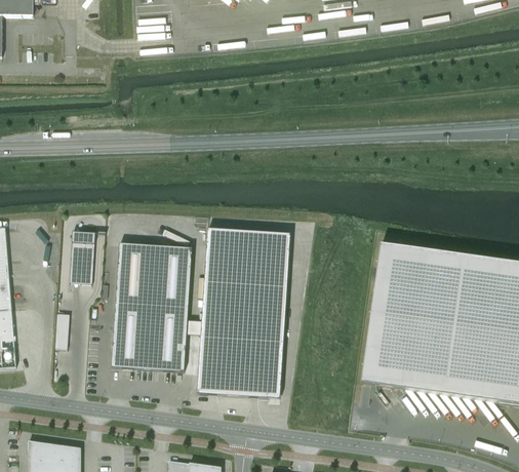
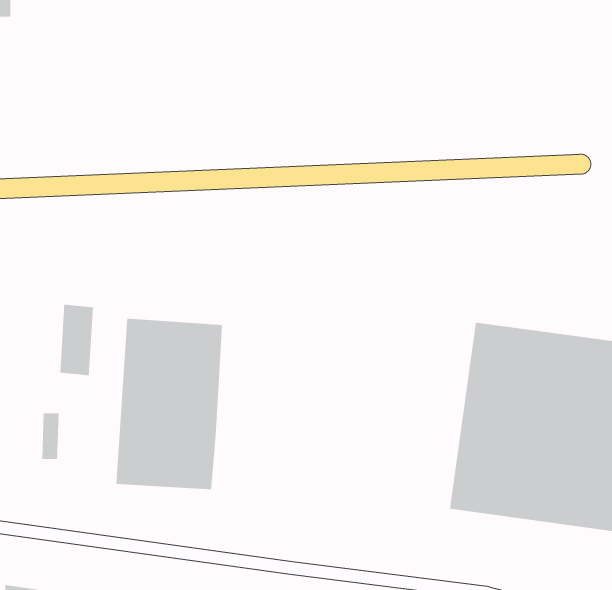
building: [187,226,290,395] -> none

